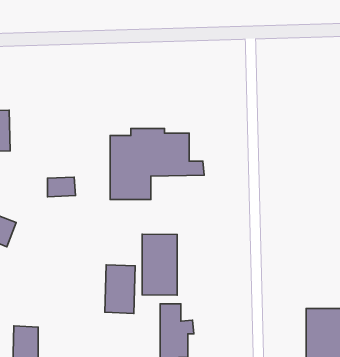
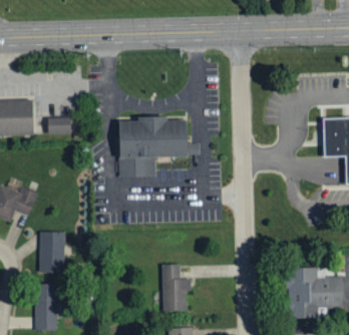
building: [47,177,75,197] -> [48,115,72,132]
building: [142,234,177,295] -> none
building: [105,265,135,313] -> [39,232,65,274]

